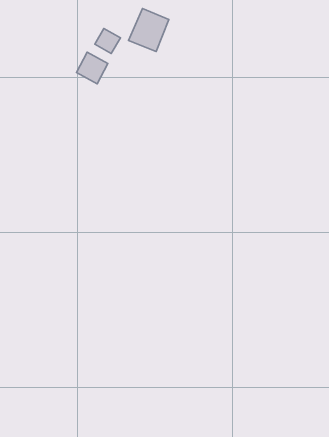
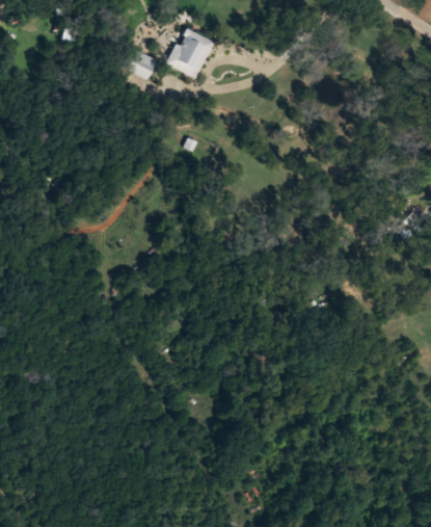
building: [77,52,108,84] -> none

